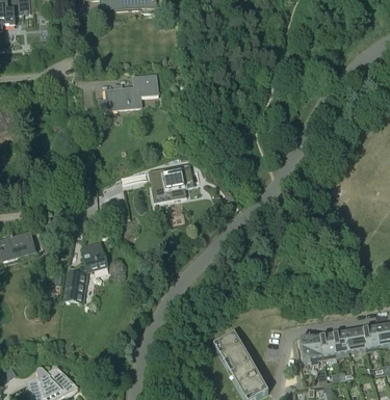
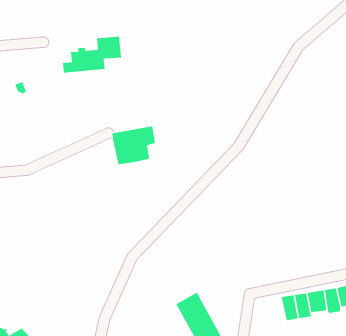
building: [64,240,108,301] -> none
building: [301,335,324,364] -> none

